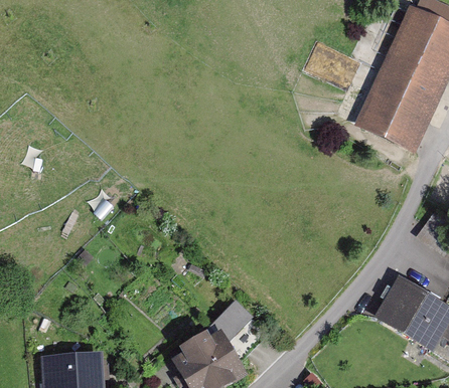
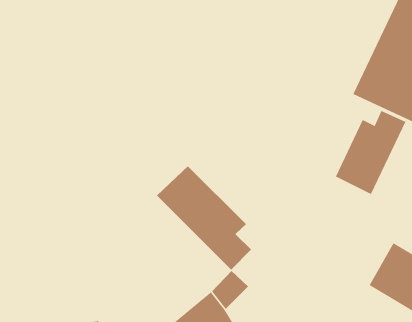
building: none -> [335,110,406,195]
building: none -> [156,165,252,271]

